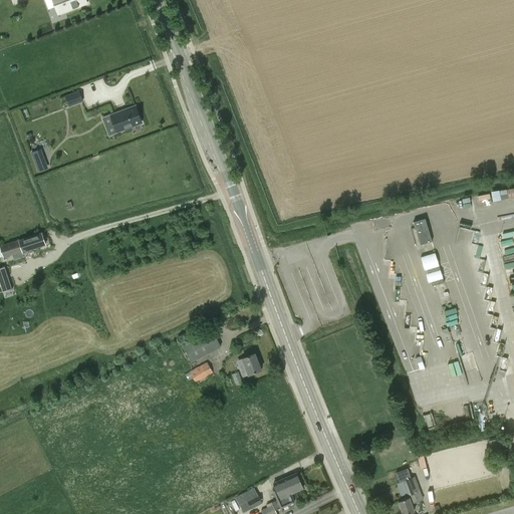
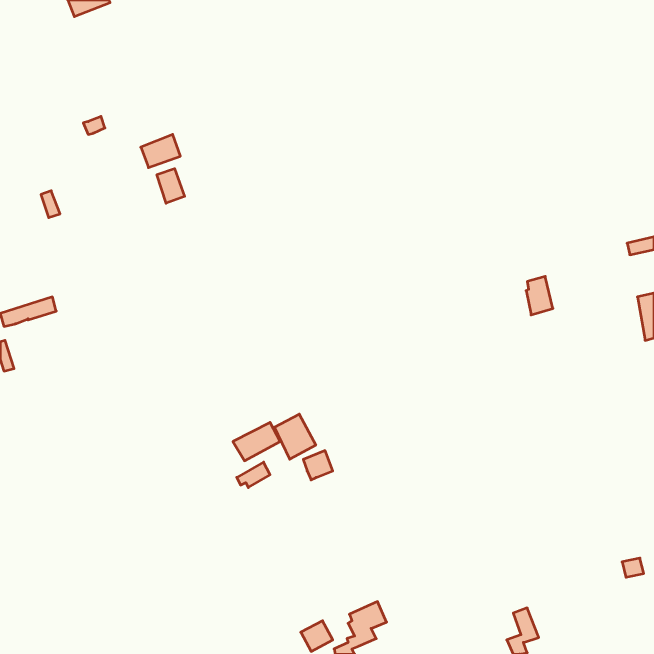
building: none -> [157,169,185,203]
building: none -> [274,414,316,459]

